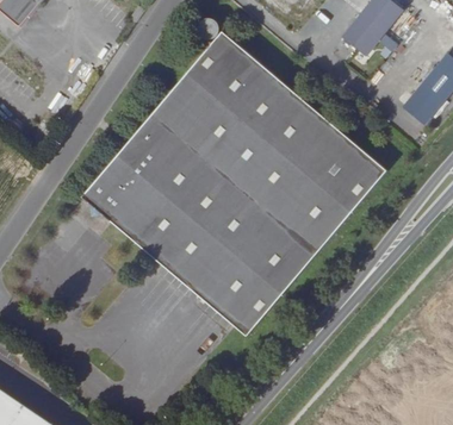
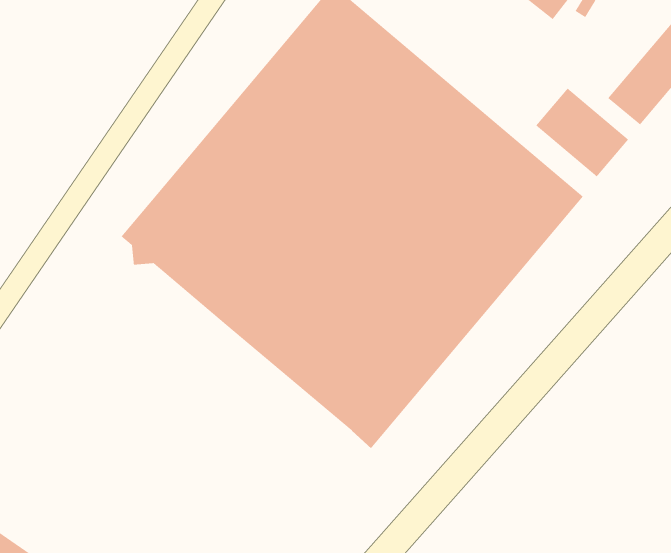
building: none -> [535,87,629,177]

